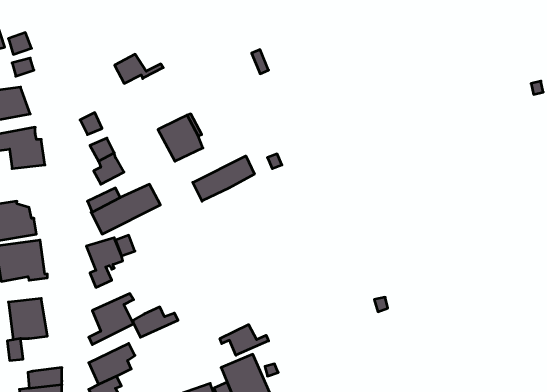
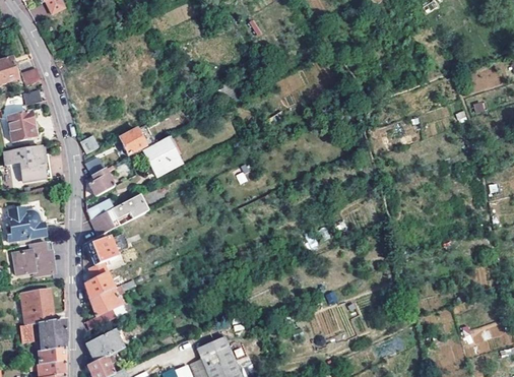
building: [115,54,163,83] -> [121,129,162,153]
building: [193,156,254,201] -> none
building: [133,307,178,337] -> [84,274,122,300]
building: [220,325,269,355] -> none
building: none -> [38,319,65,351]

